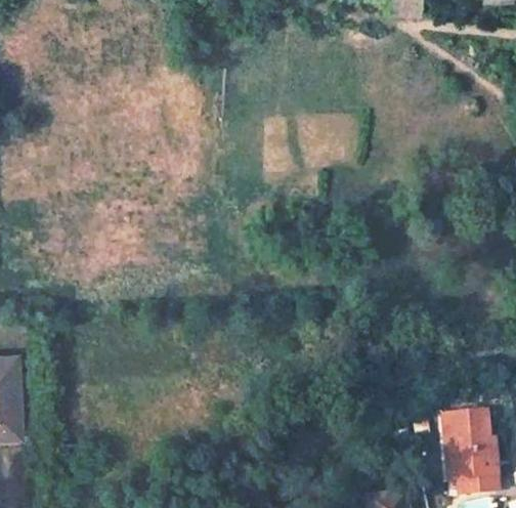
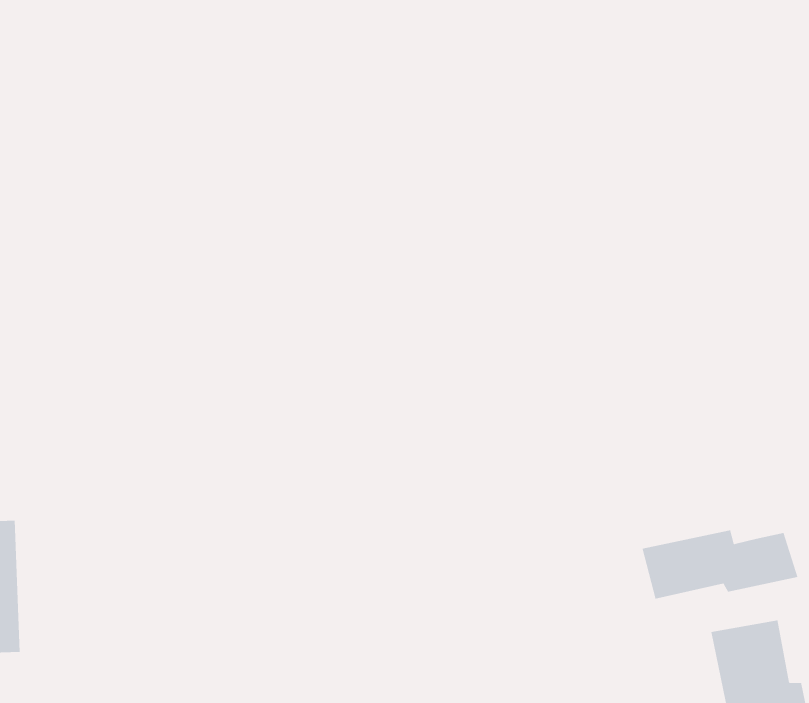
building: none -> [642,529,798,600]

